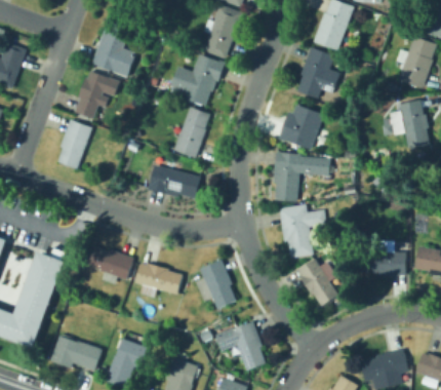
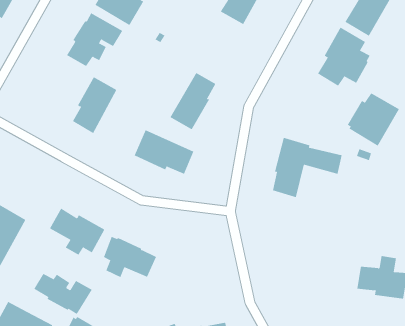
building: [170,53,226,105] -> none
building: [280,104,324,150] -> [347,92,400,146]
building: [57,119,92,169] -> [72,77,117,134]
building: [279,204,327,258] -> none
building: [196,259,237,309] -> none
building: [298,259,338,306] -> none
building: none -> [33,273,92,315]

